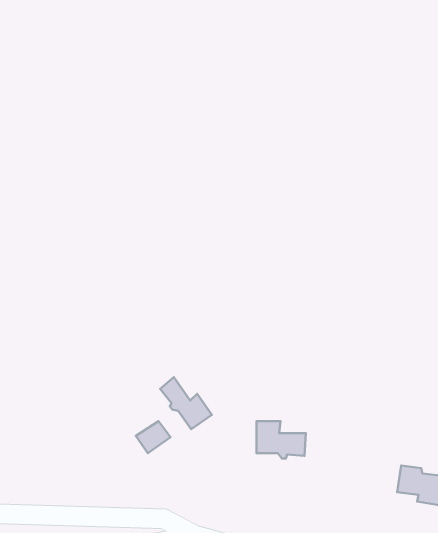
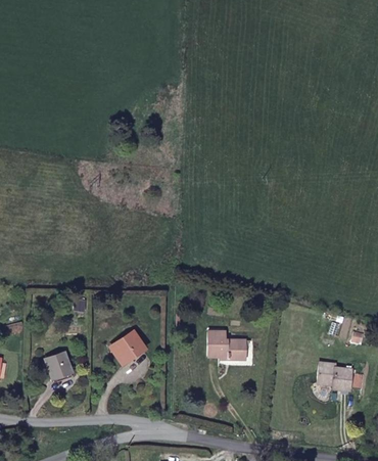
building: [160,377,212,429] -> none
building: none -> [48,350,73,375]

